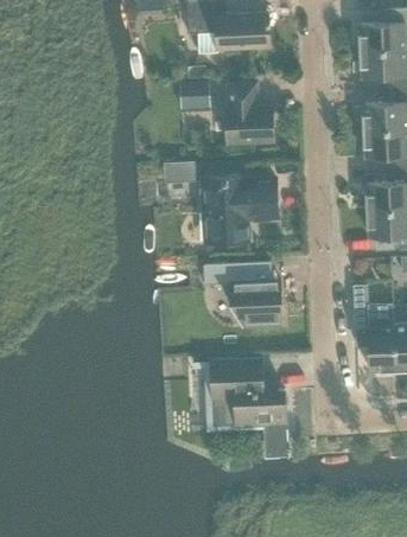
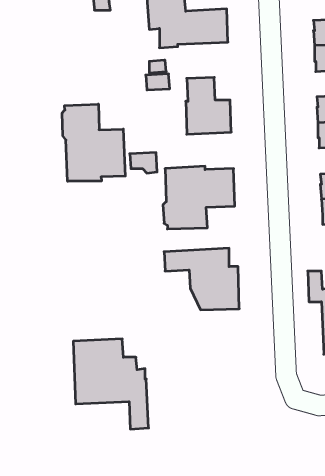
building: none -> [62,104,125,181]
building: [209,359,287,453] -> [73,339,149,429]

